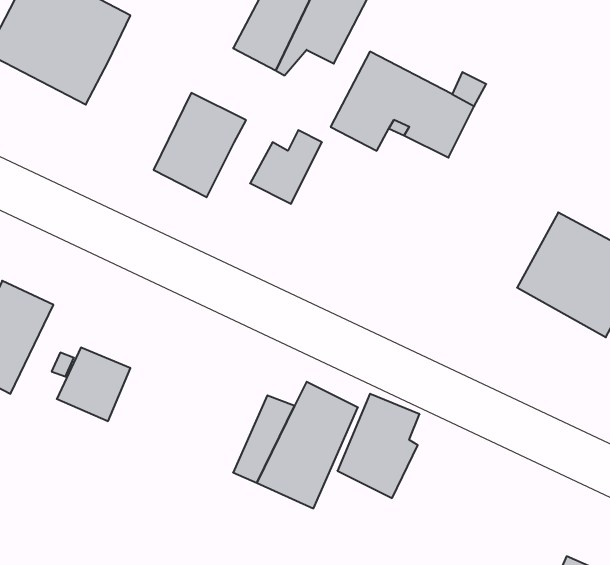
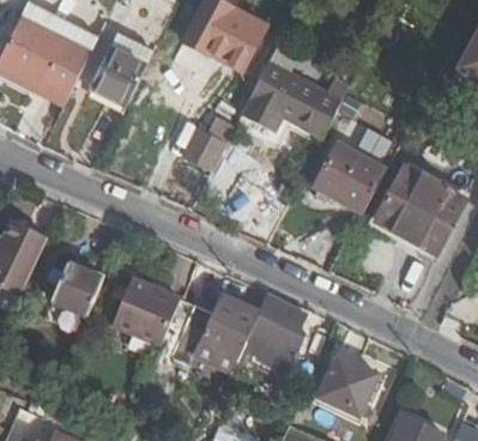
building: [154,93,246,197] -> [90,30,155,103]
building: none -> [320,134,392,203]
building: none -> [109,279,180,350]
building: none -> [319,354,377,412]

